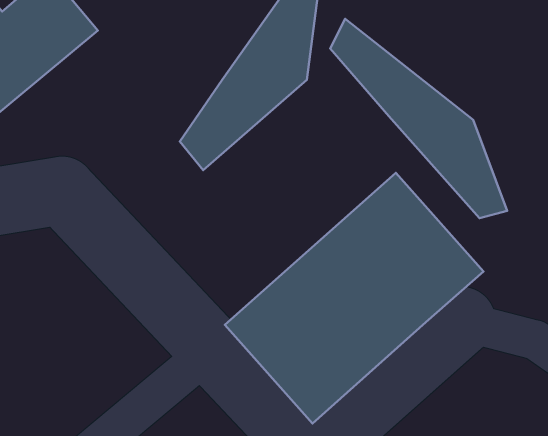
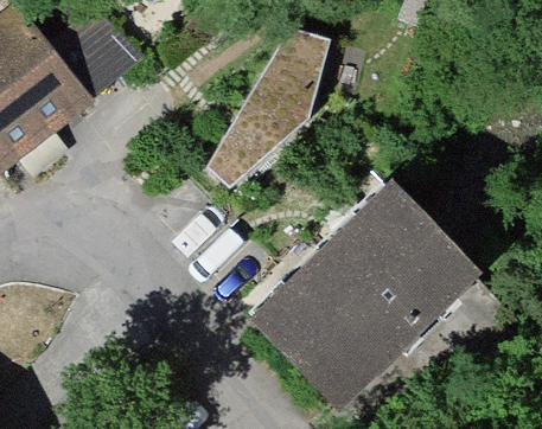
building: [330,19,507,218] -> none

